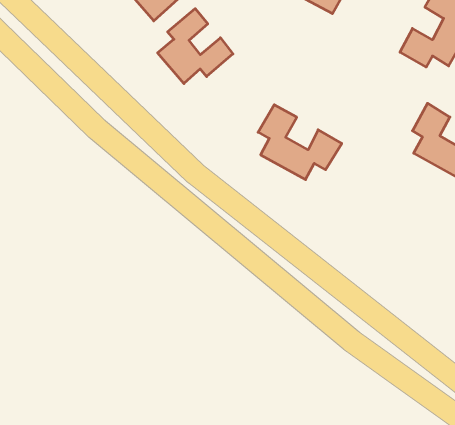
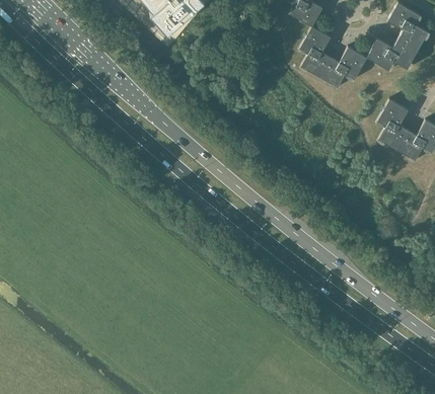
building: [158,9,233,84] -> none
building: [258,105,342,180] -> [299,26,367,87]

